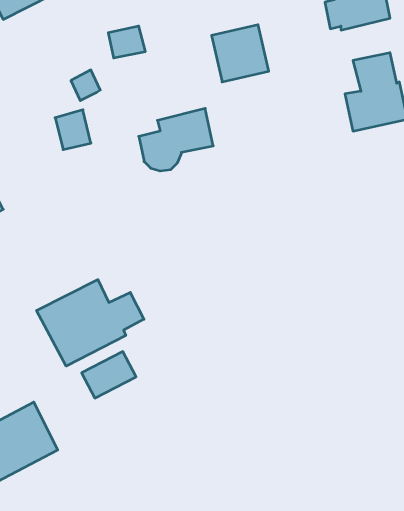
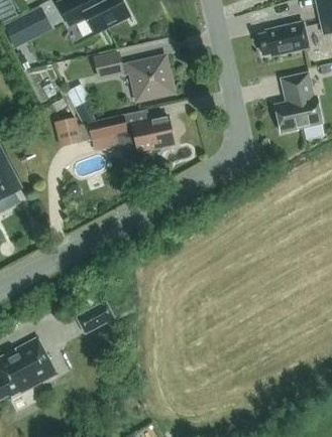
building: [212,25,269,82] -> [129,56,173,100]
building: none -> [79,115,127,145]
building: [37,280,144,366] -> none

